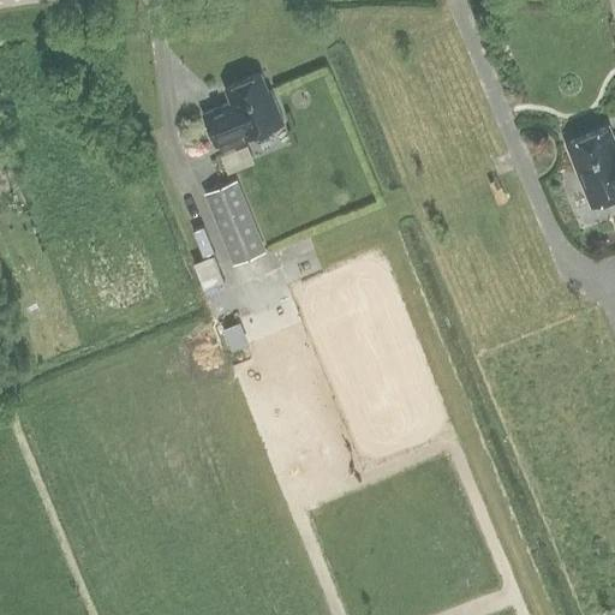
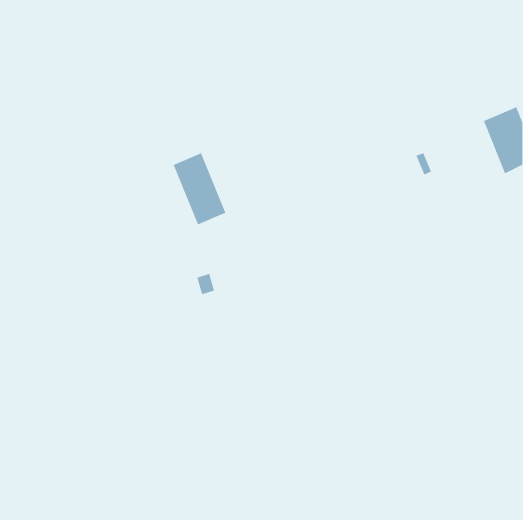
building: [203,74,283,148] -> none

